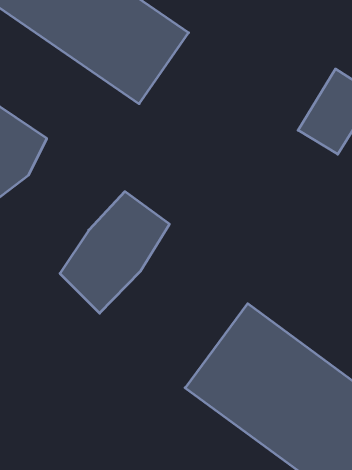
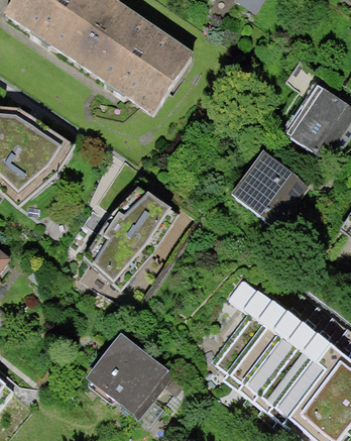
building: none -> [230,153,307,229]
building: none -> [85,327,168,410]

